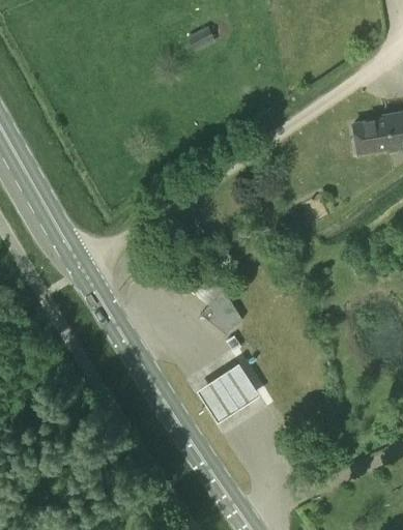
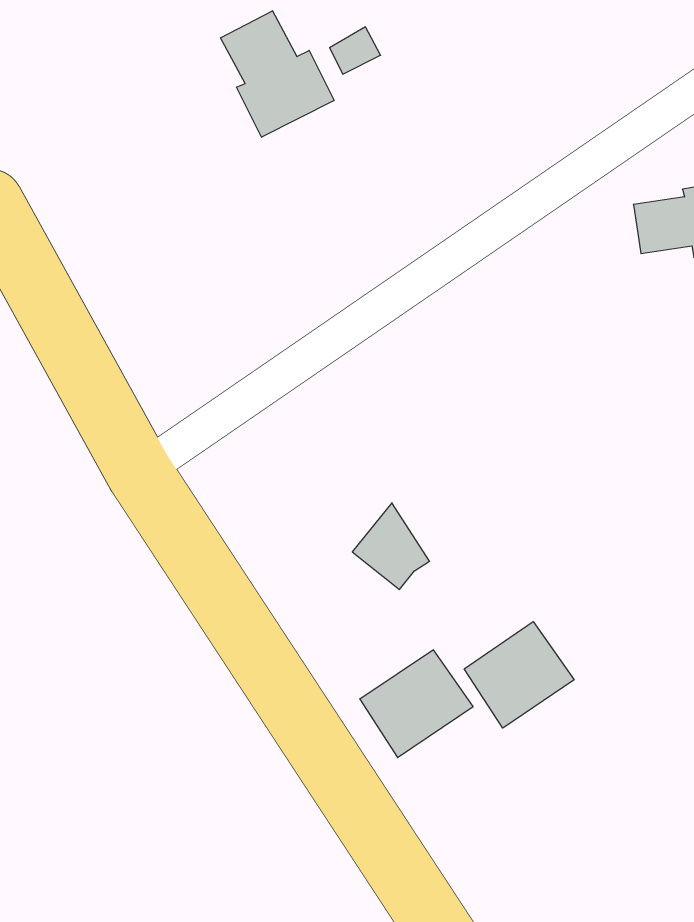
building: none -> [221,11,334,137]
building: none -> [464,622,574,728]

